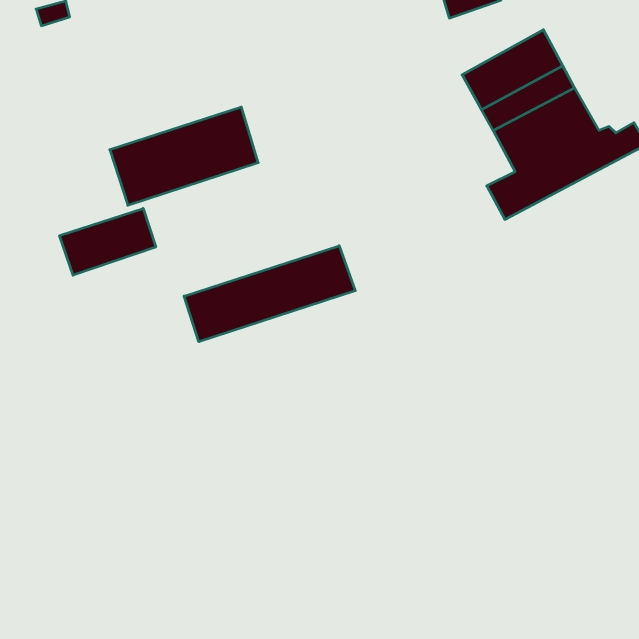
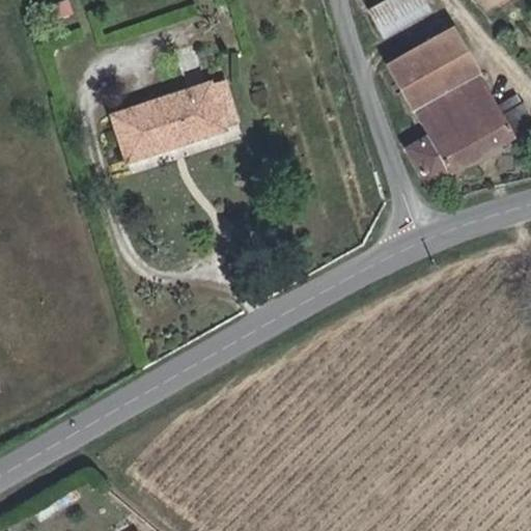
building: [60,208,156,275] -> none
building: [184,246,355,342] -> none

